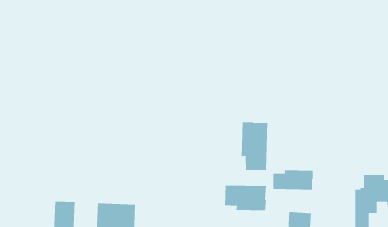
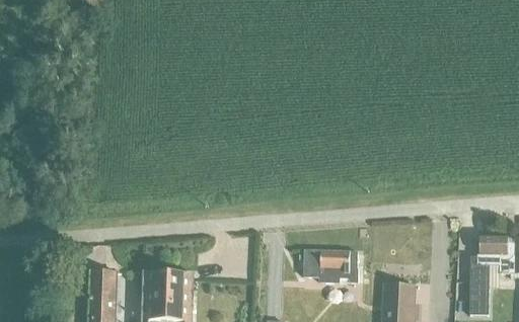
building: [241,122,268,171] -> none
building: [272,169,314,191] -> none

